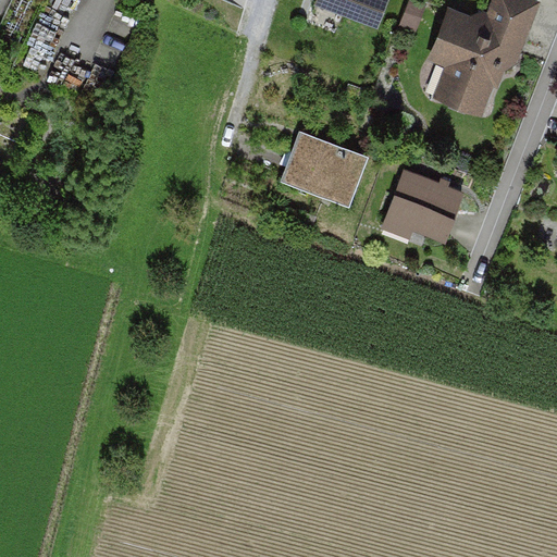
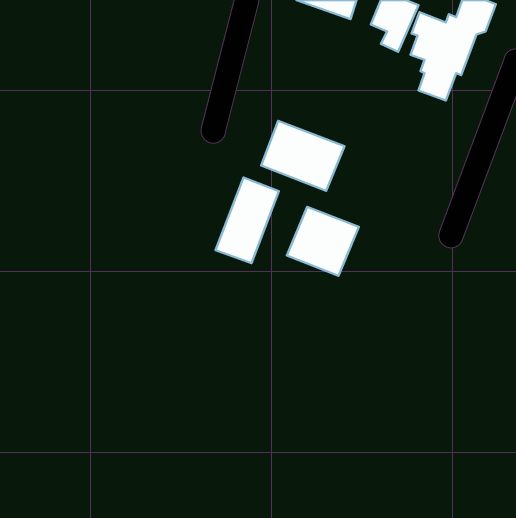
building: [385,172,462,246] -> [287,207,359,276]
building: none -> [215,178,279,263]

